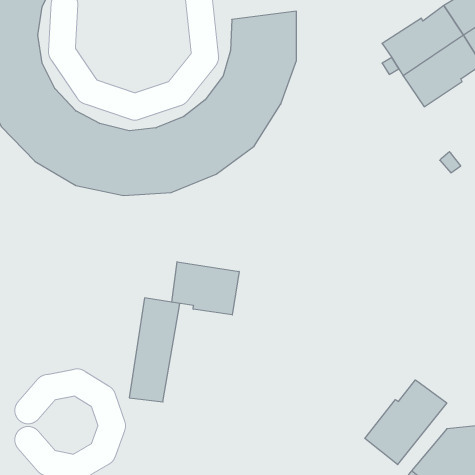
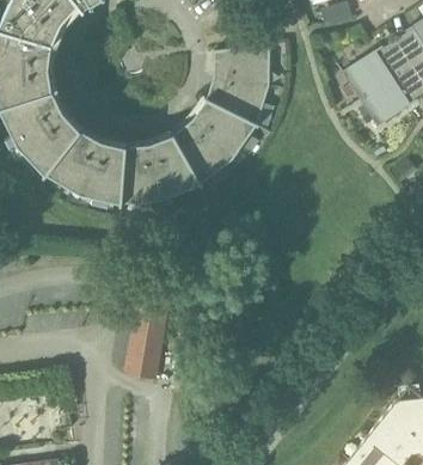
building: [172,262,239,315] -> none
building: [365,380,447,465] -> none

